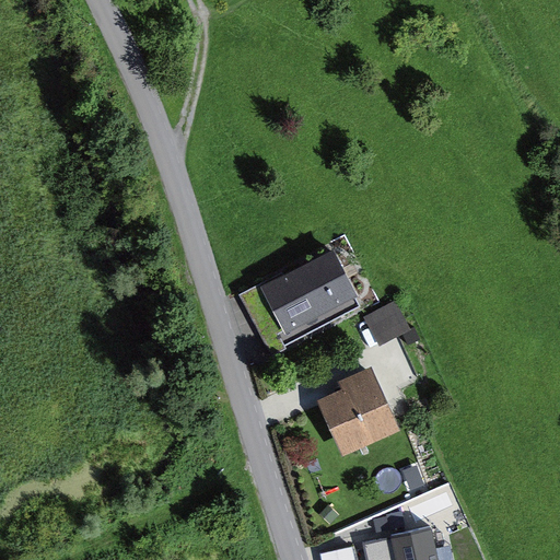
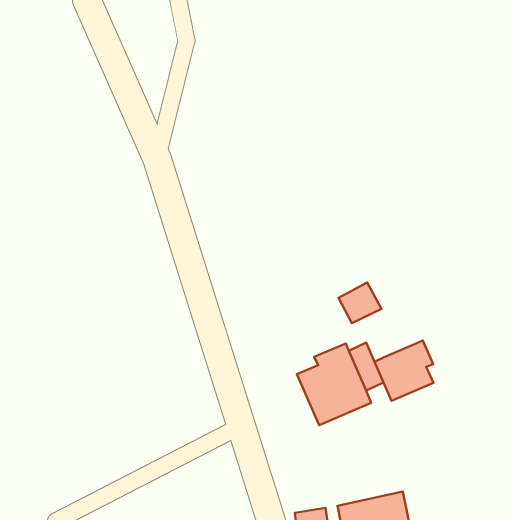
building: [257,248,360,336] -> none
building: none -> [374,341,433,401]

